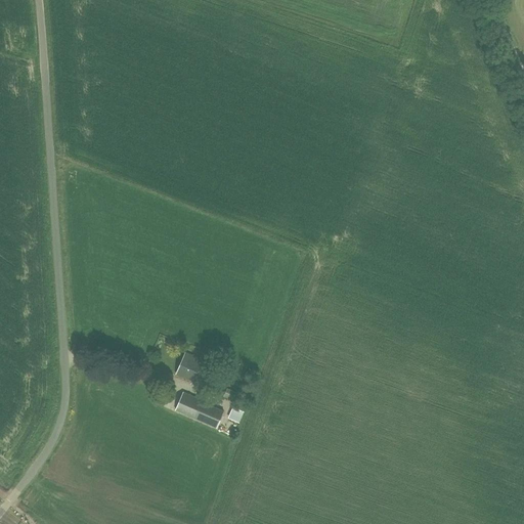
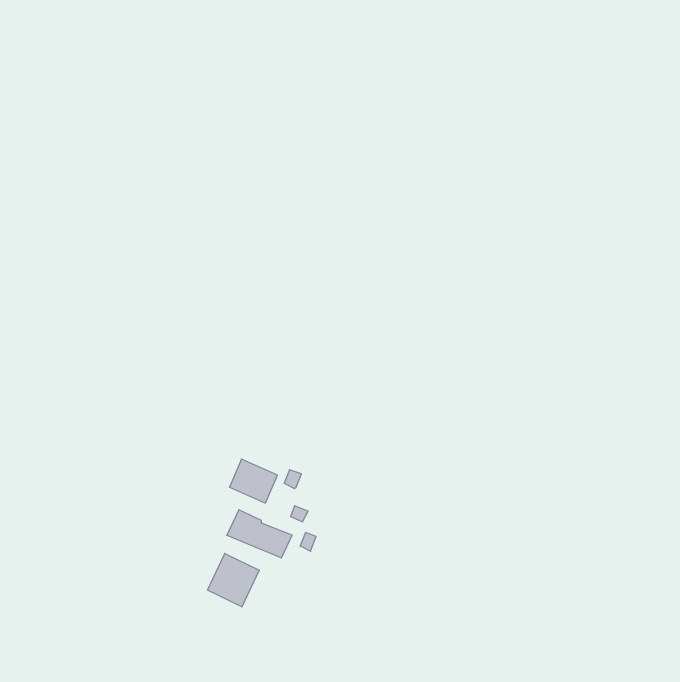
building: none -> [207,553,259,607]

